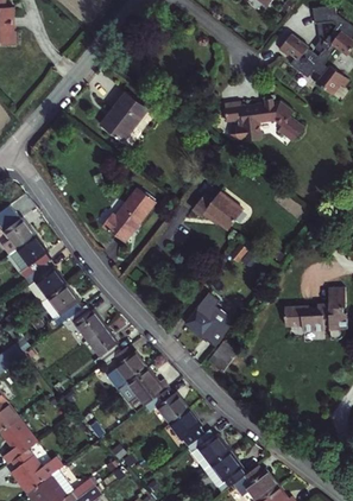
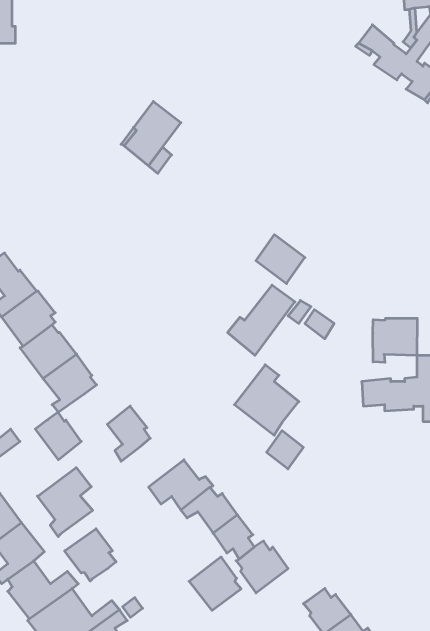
building: [222,95,303,138] -> none
building: [105,189,157,243] -> [228,285,295,355]
building: none -> [373,318,417,362]
building: [69,303,105,340] -> [35,412,81,460]
building: [105,347,145,389] -> none
building: none -> [37,468,93,537]
building: none -> [65,529,116,581]
building: [202,451,242,493] -> [189,557,241,610]

